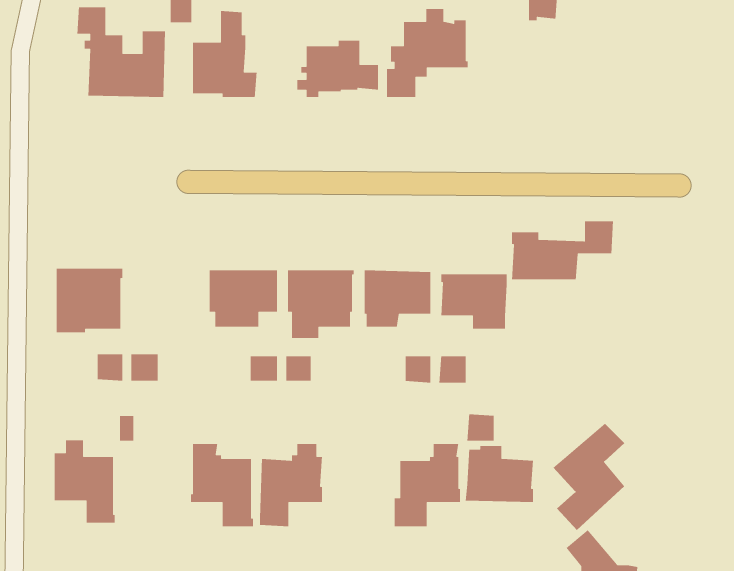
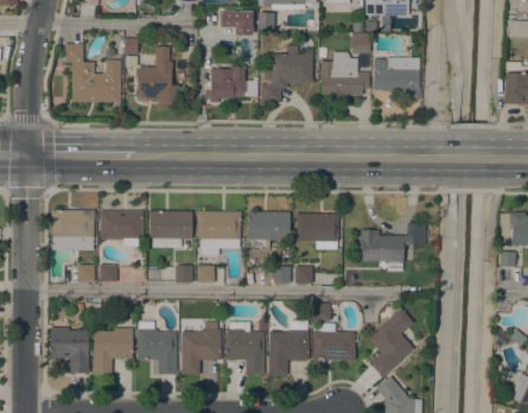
building: none -> [320,52,369,99]
building: none -> [374,57,419,100]
building: [511,220,614,280] -> [361,223,426,261]
building: none -> [100,209,142,247]
building: none -> [224,322,265,375]
building: none -> [93,328,133,373]

